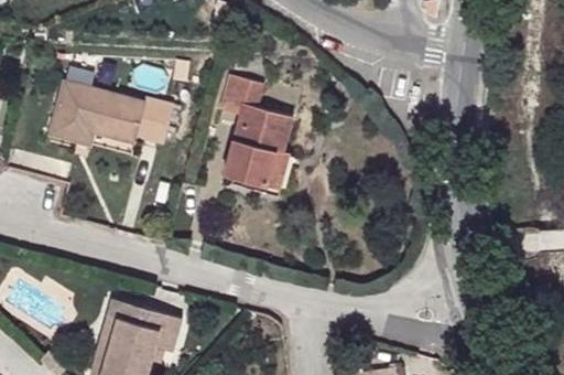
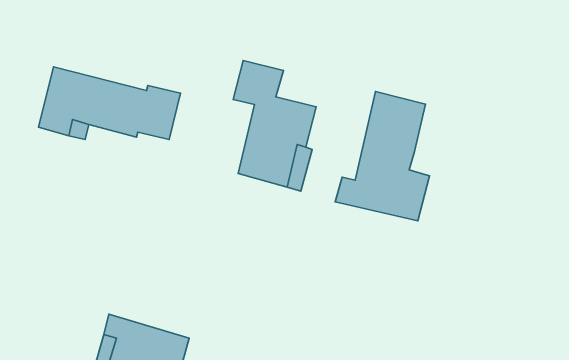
building: none -> [335,92,429,221]

